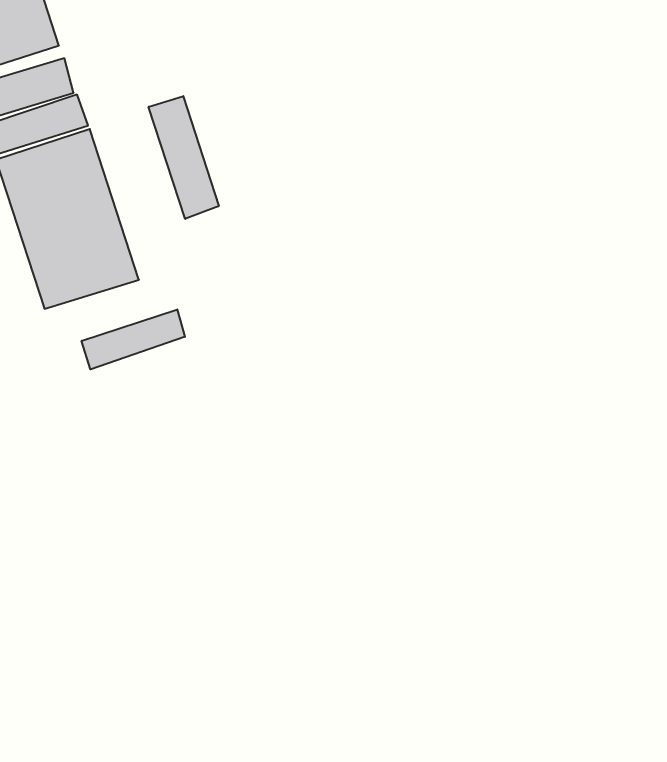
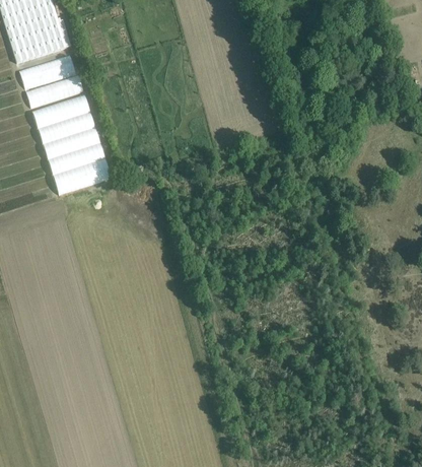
building: [149,96,219,219] -> none
building: [82,309,185,369] -> none

